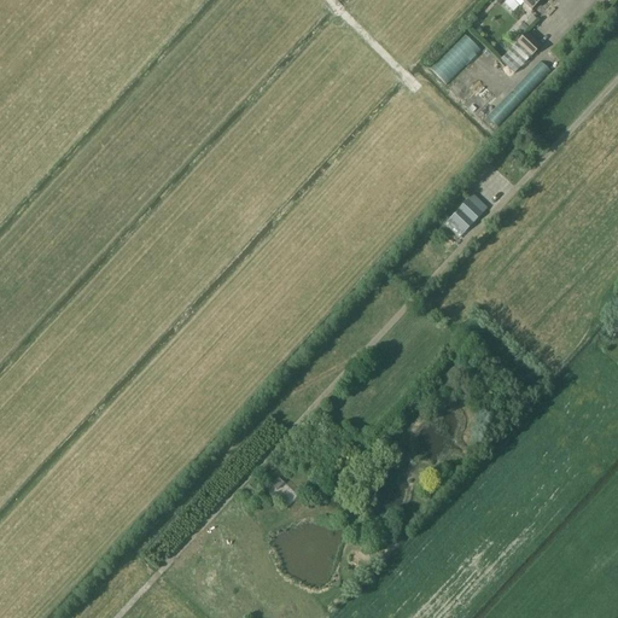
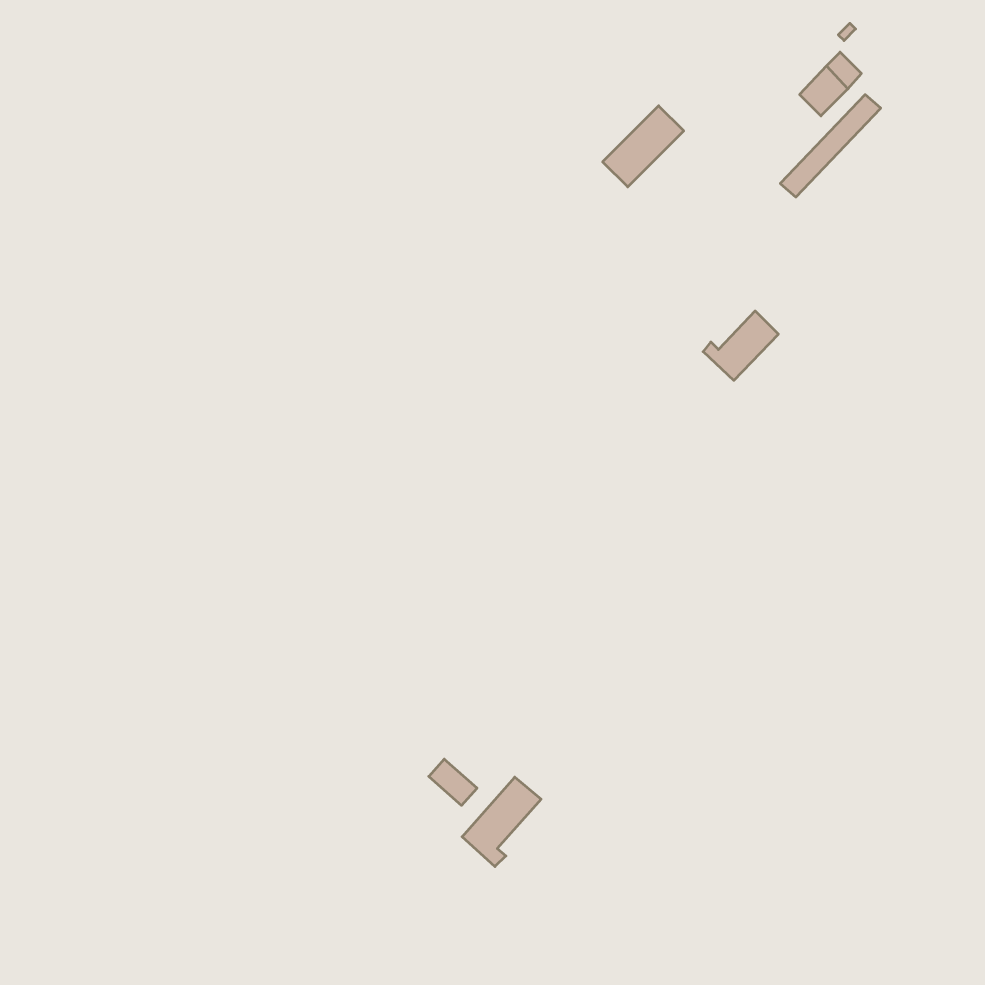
building: [430,31,480,82] -> [603,106,684,187]
building: none -> [462,777,541,867]

